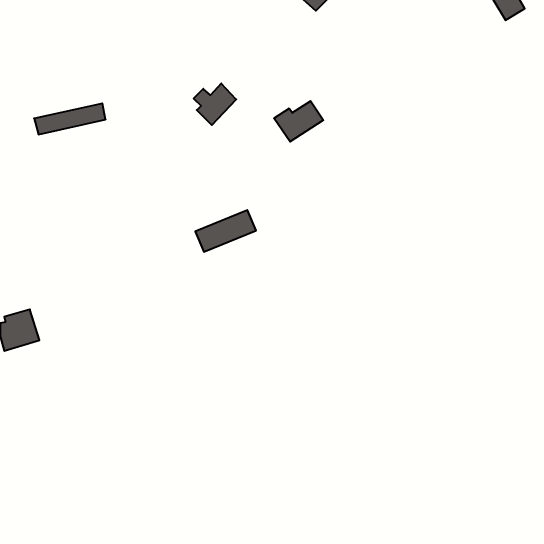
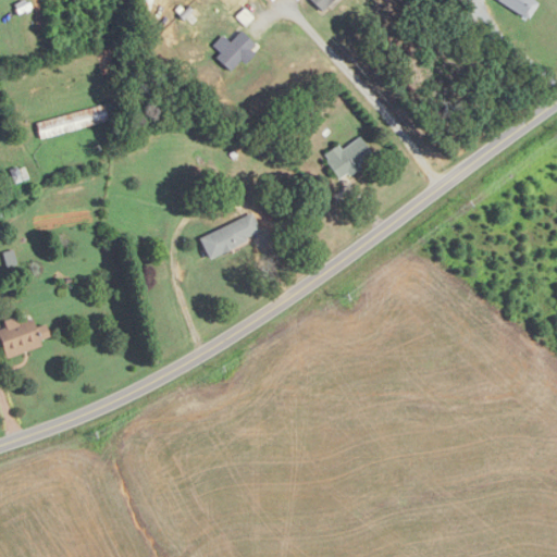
building: [194,83,236,125] -> [213,29,257,72]
building: [274,101,323,142] -> [323,136,373,177]

